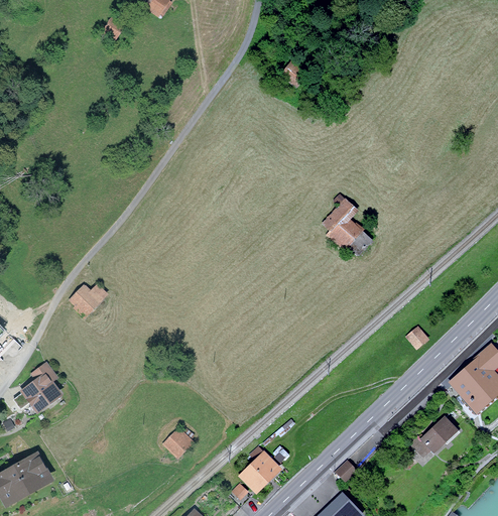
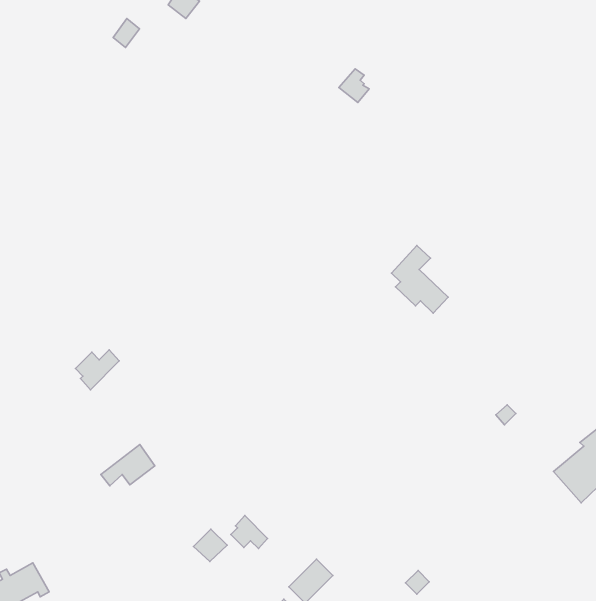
building: [14,376,57,409] -> [101,445,155,486]
building: [409,416,458,452] -> none
building: none -> [231,516,268,549]

